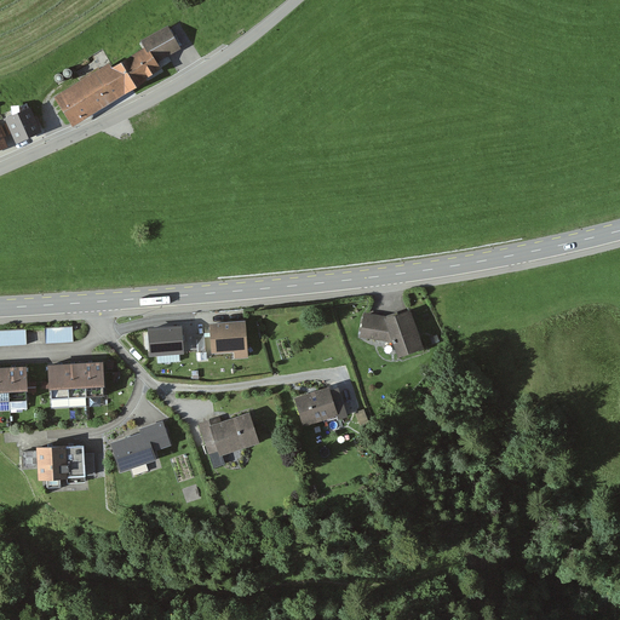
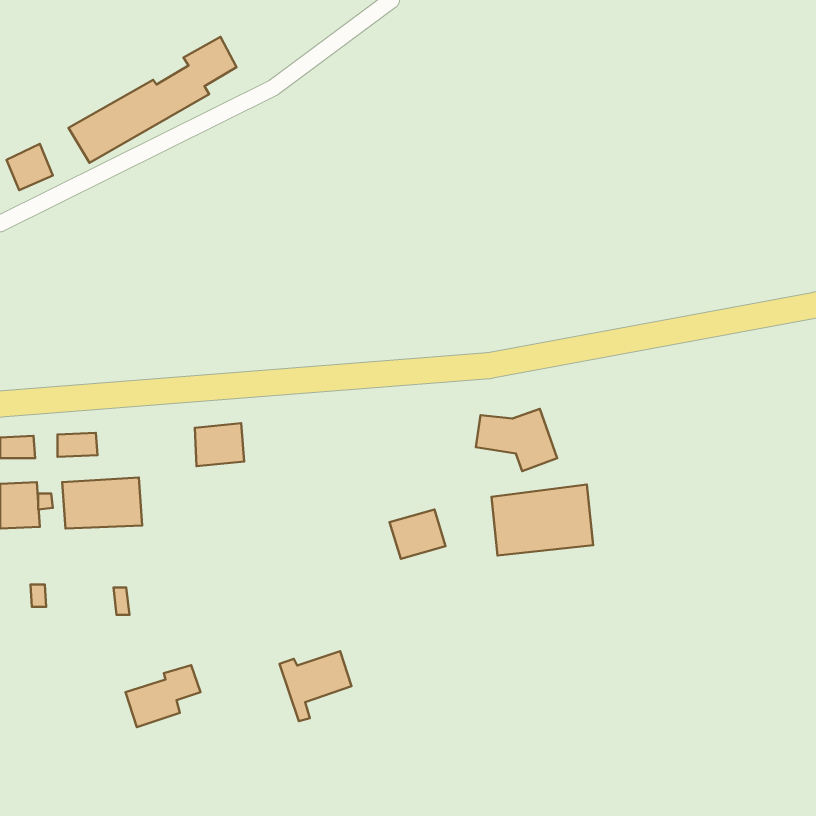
building: [211,320,247,356] -> none
building: none -> [491,485,593,555]
building: [200,414,254,467] -> [280,651,351,721]
building: [113,423,170,470] -> [126,665,201,727]
building: [38,446,69,478] -> none

